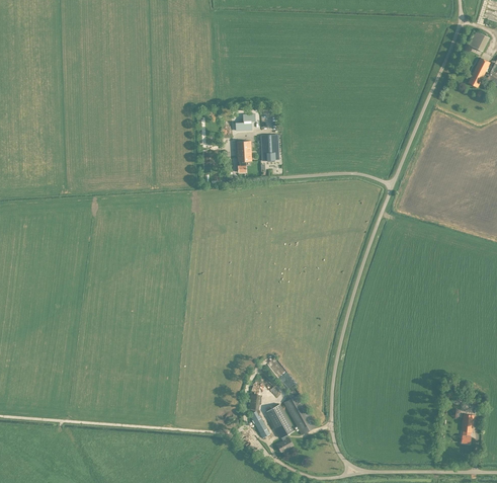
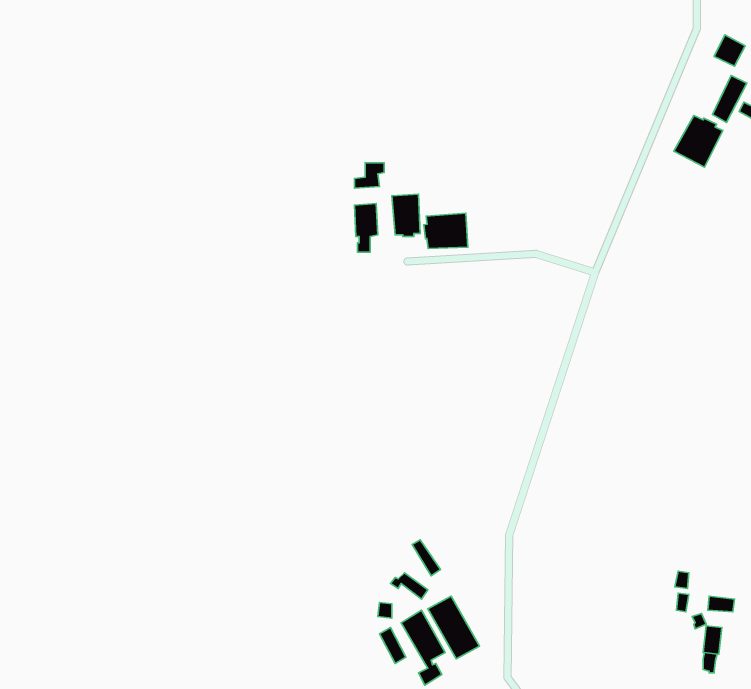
building: none -> [674,115,723,167]
building: none -> [424,213,468,248]

